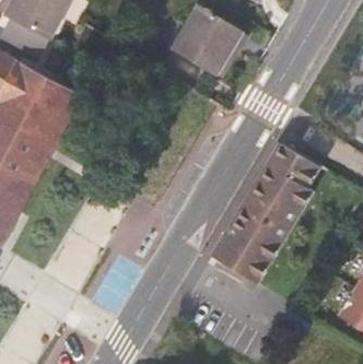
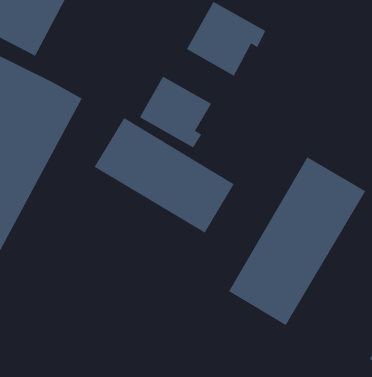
building: none -> [139,76,212,148]
building: none -> [94,117,235,234]

